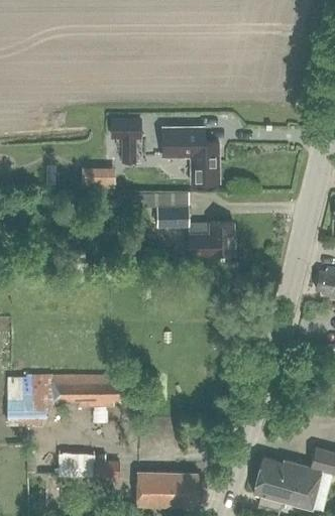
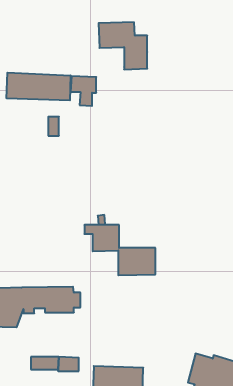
building: none -> [7,73,71,100]
building: [160,126,220,183] -> [99,22,147,69]
building: [147,195,234,256] -> [84,225,155,275]

